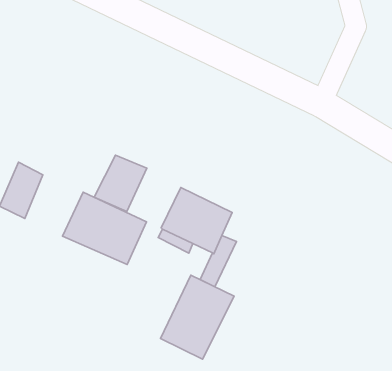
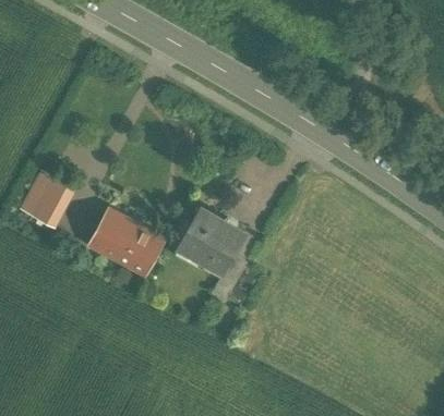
building: [94,155,147,211] -> none
building: [161,275,234,359] -> none

